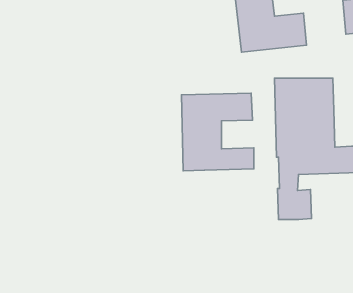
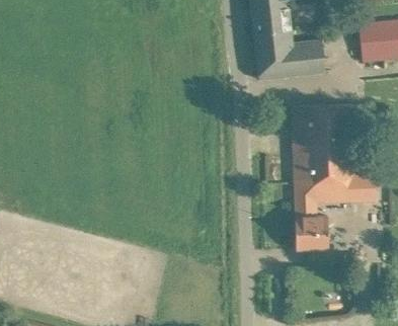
building: [182,93,254,171] -> none

